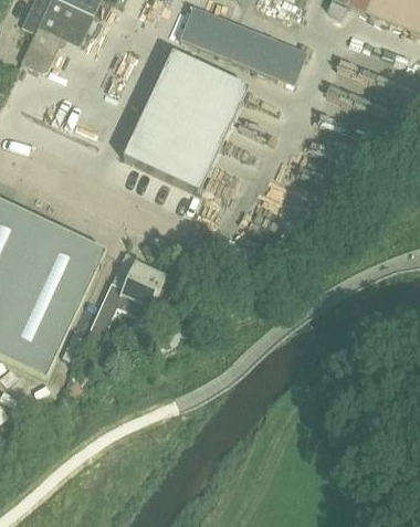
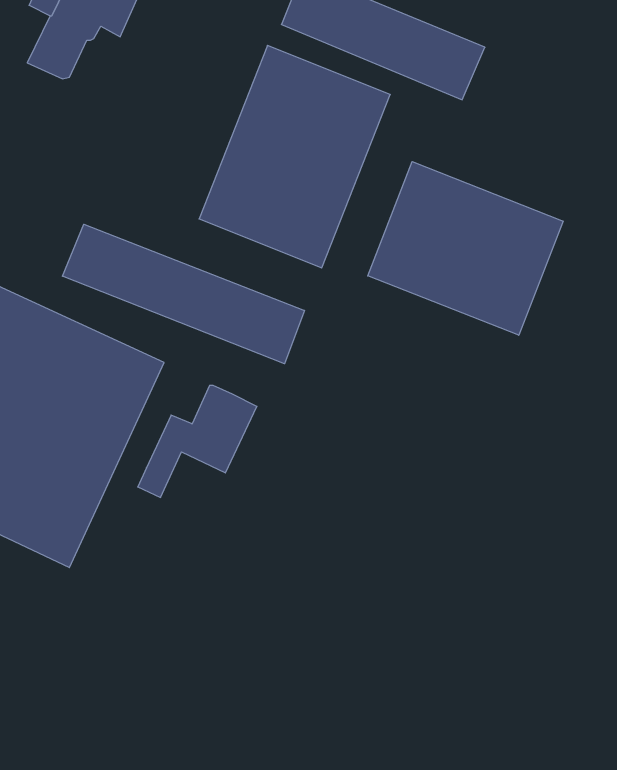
building: none -> [368,162,563,335]
building: none -> [62,224,304,364]

